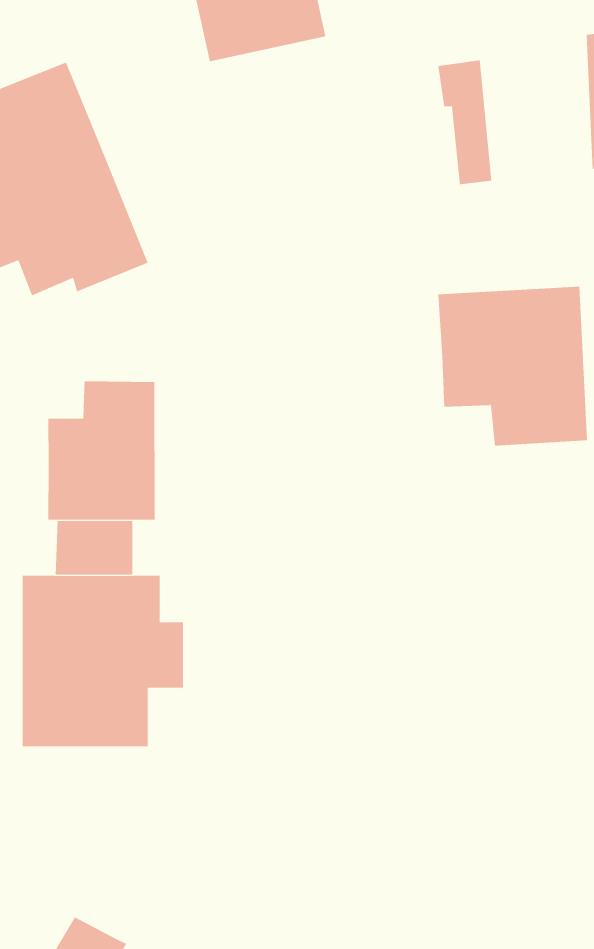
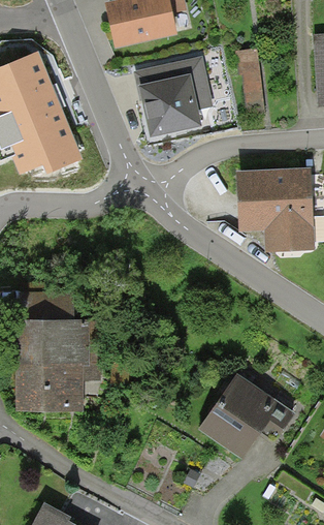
building: none -> [133,56,213,140]
building: [48,381,155,521] -> none
building: none -> [198,374,295,460]

